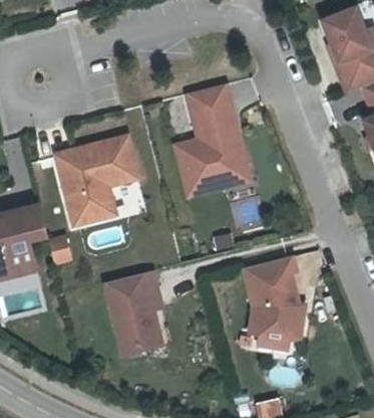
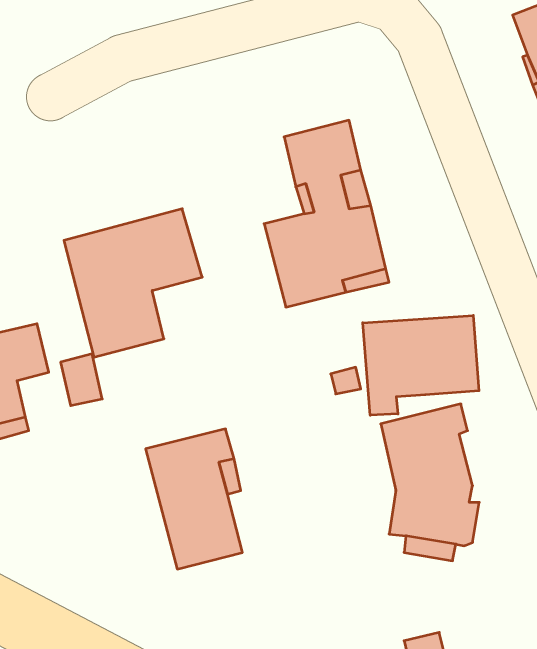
building: none -> [363,315,479,415]

